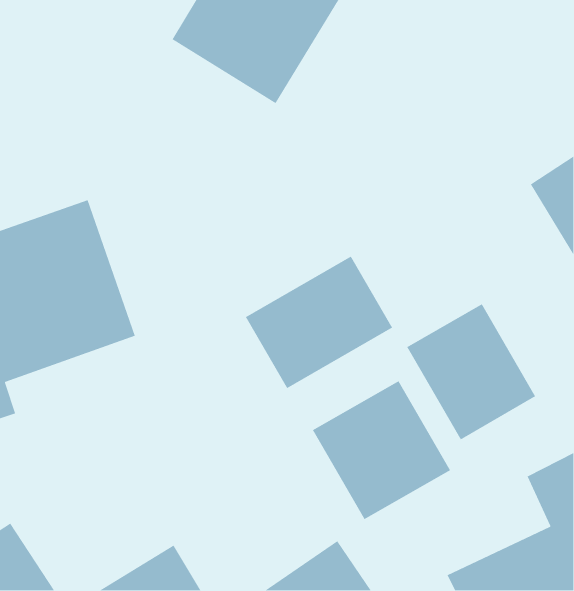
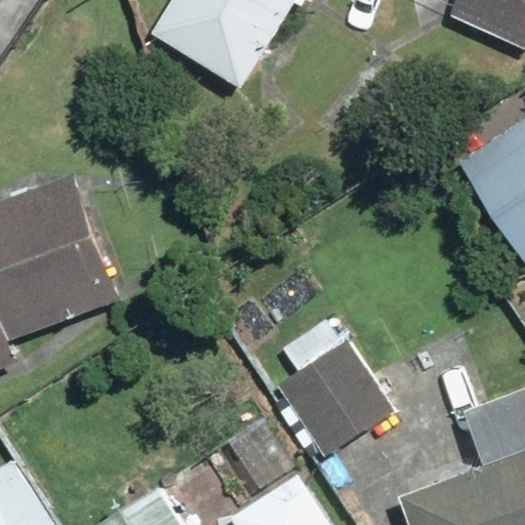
building: [245,255,393,389] -> none
building: [406,303,536,440] -> none

